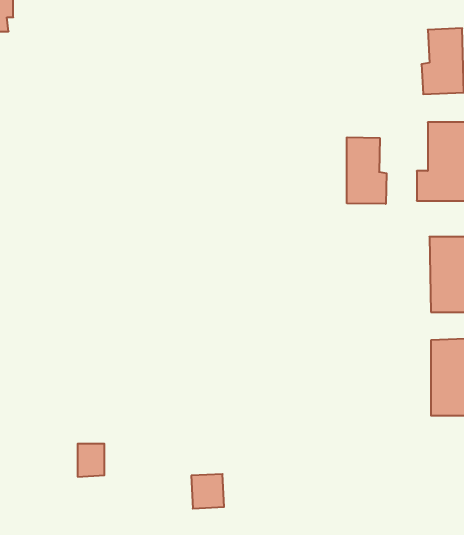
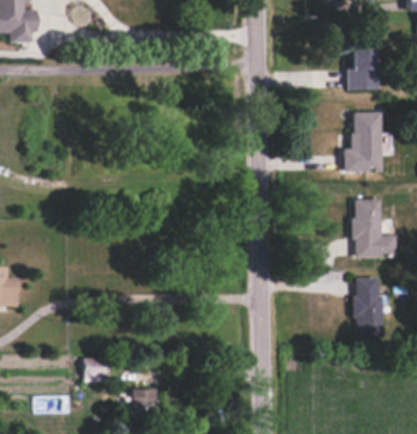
building: [347,137,387,204] -> none
building: [191,474,224,509] -> [133,387,158,414]

